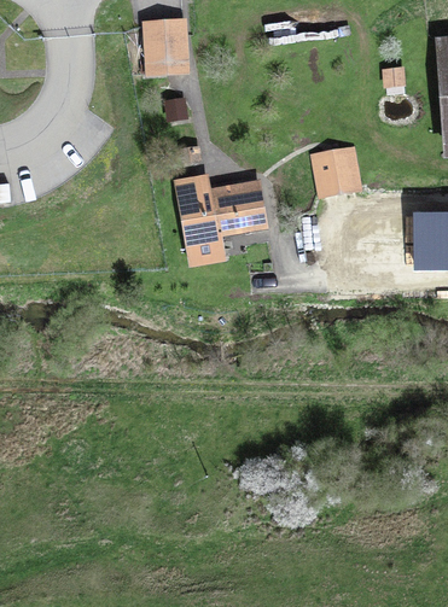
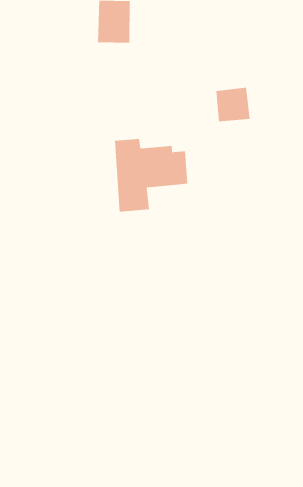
building: [315,147,357,189] -> [216,87,250,122]

